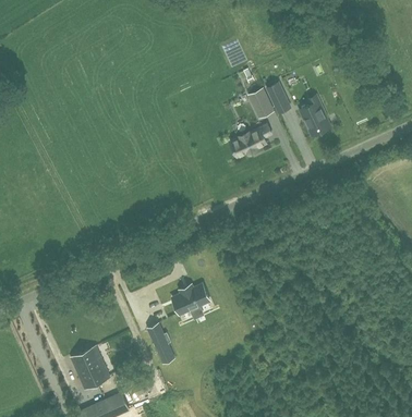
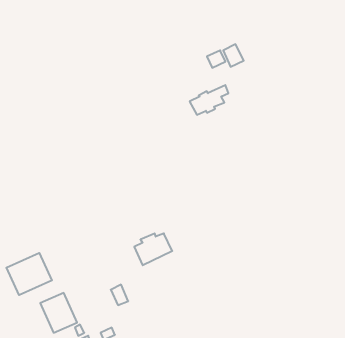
building: [299,103,330,136] -> none
building: none -> [6,253,52,295]

